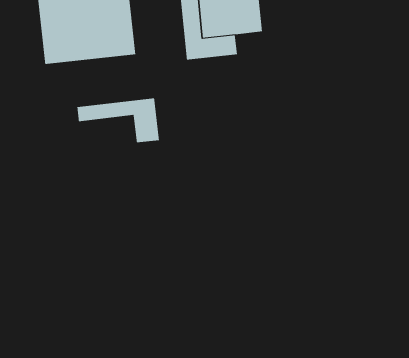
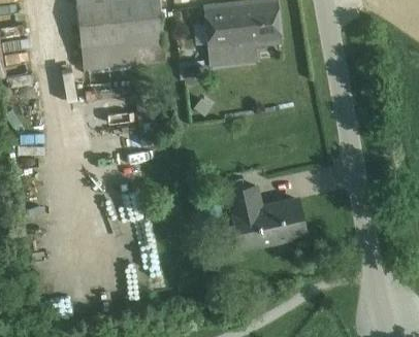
building: [77,97,159,143] -> none
building: none -> [227,186,303,244]

